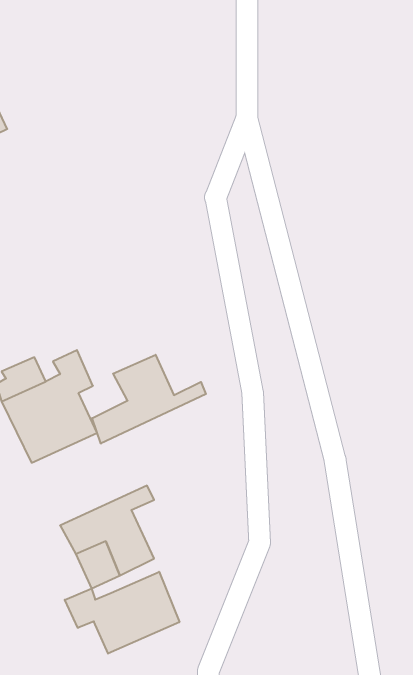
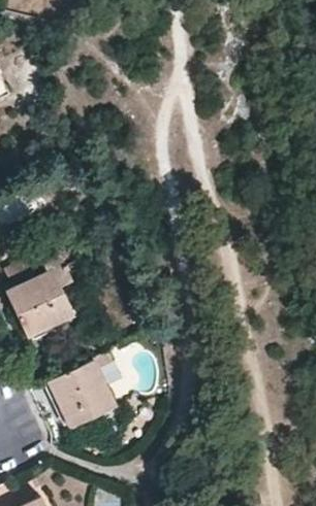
building: [92,355,206,444] -> none
building: [65,572,179,654] -> none

